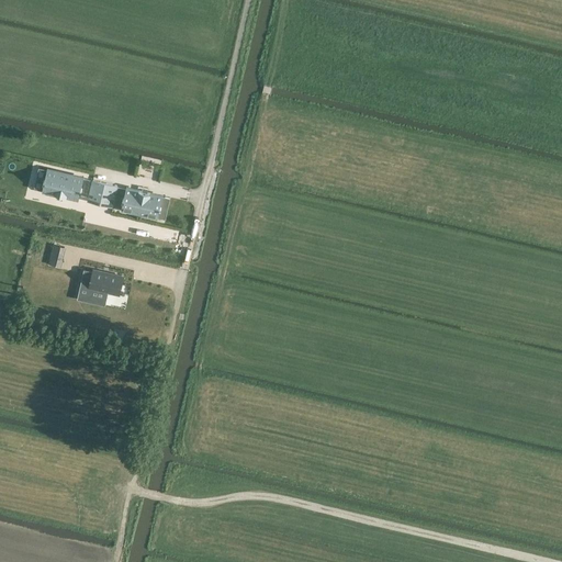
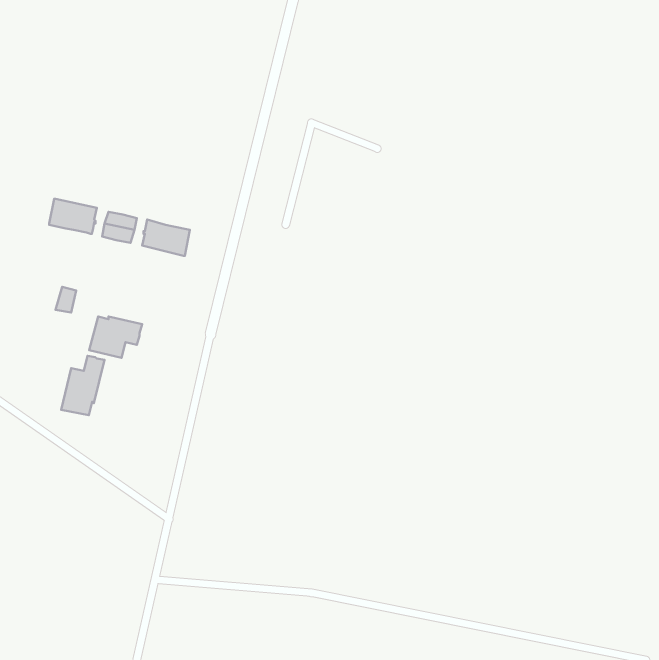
building: none -> [61,356,105,415]

